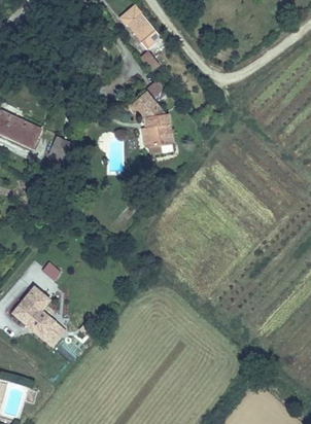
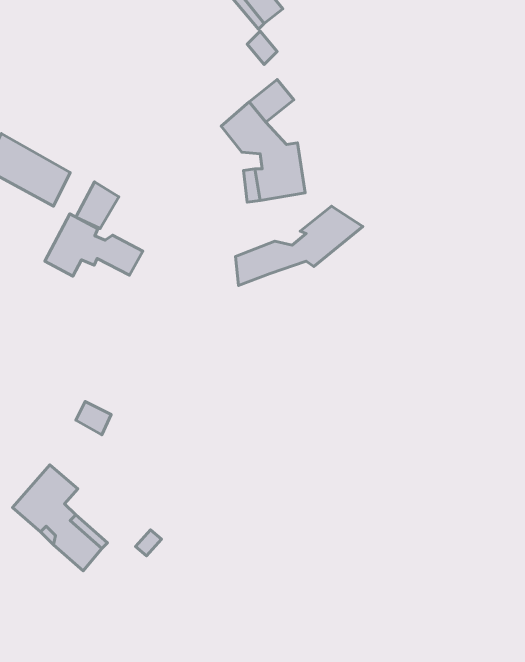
building: none -> [236,206,363,286]
building: none -> [45,214,143,276]

